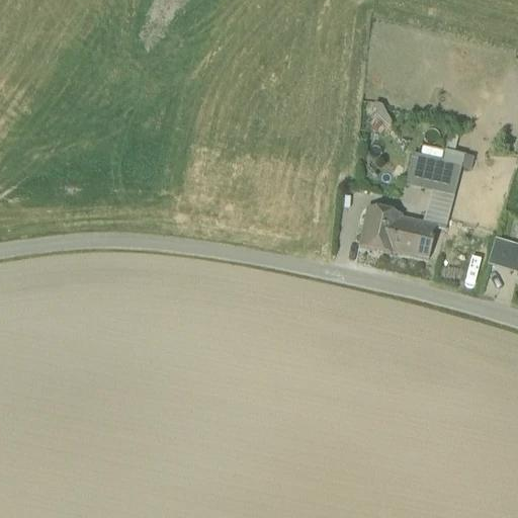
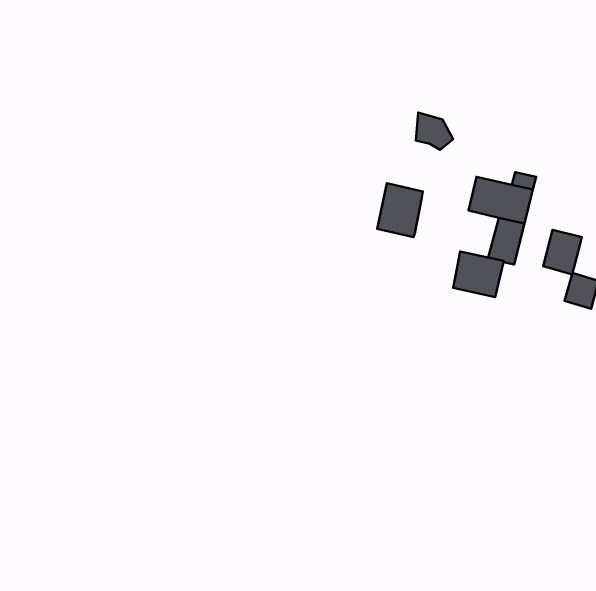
building: none -> [543,230,582,274]
building: [361,205,401,252] -> [377,183,423,237]

